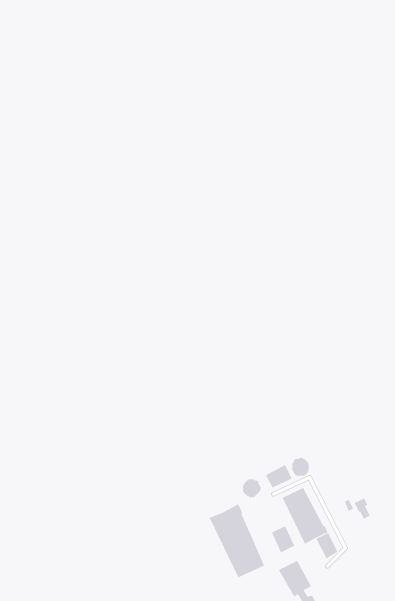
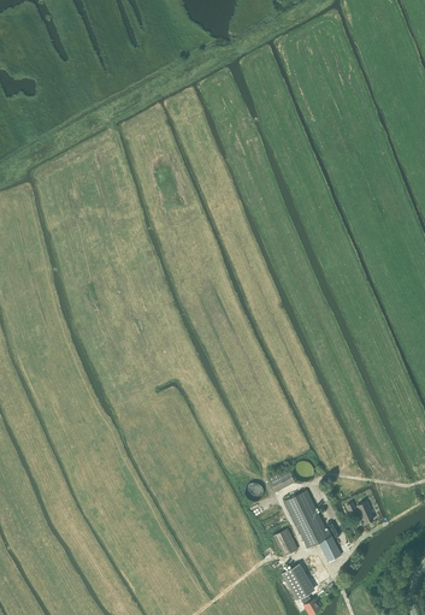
building: [209,504,265,578] -> none

